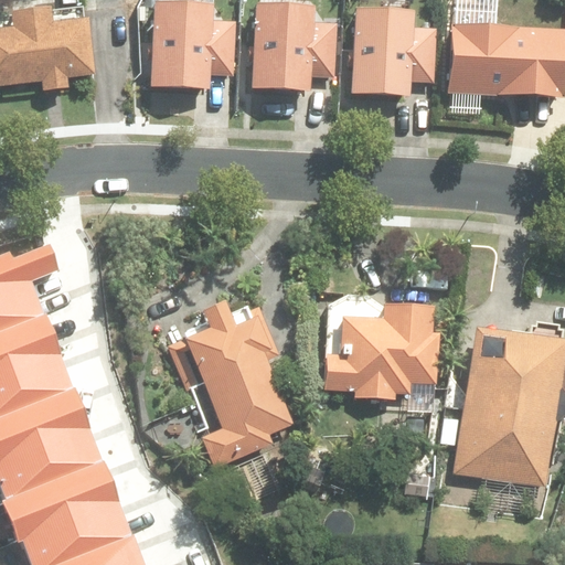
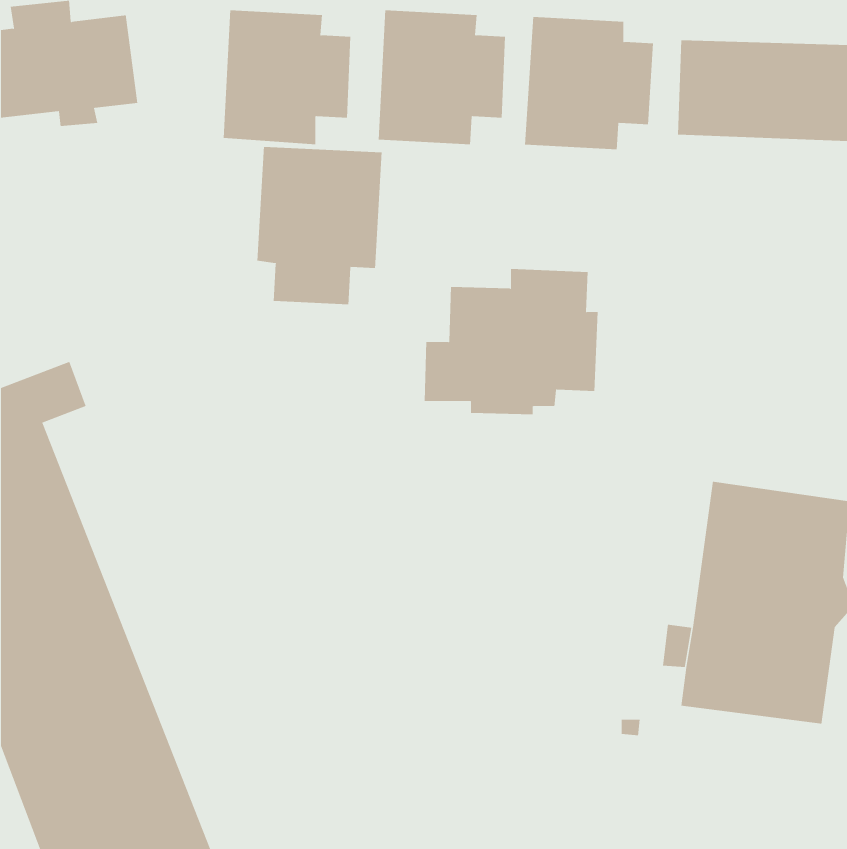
building: none -> [257,146,382,305]
building: [169,295,292,465] -> none
building: [323,299,439,396] -> [424,268,598,415]

